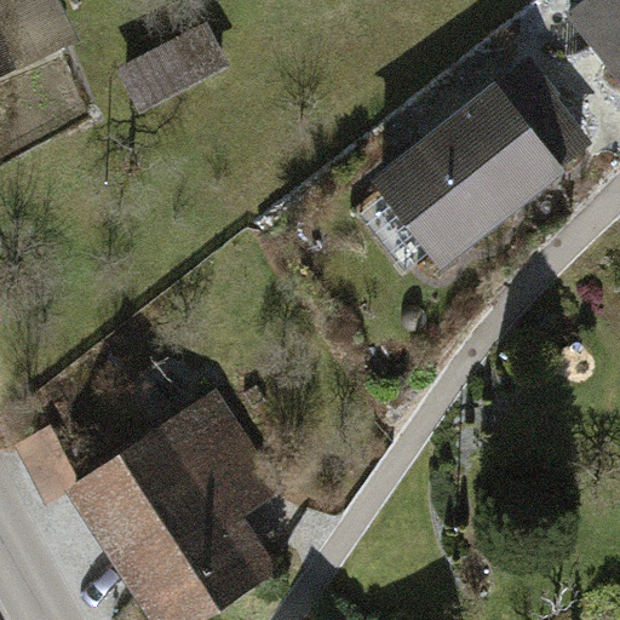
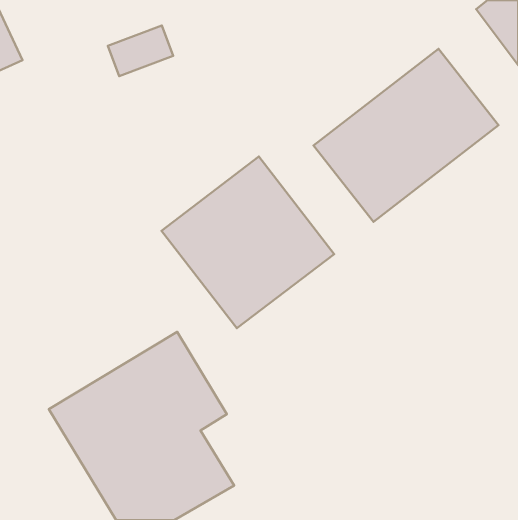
building: none -> [162,156,334,328]

